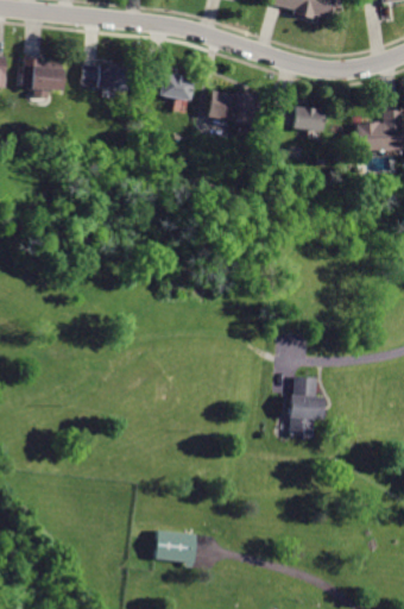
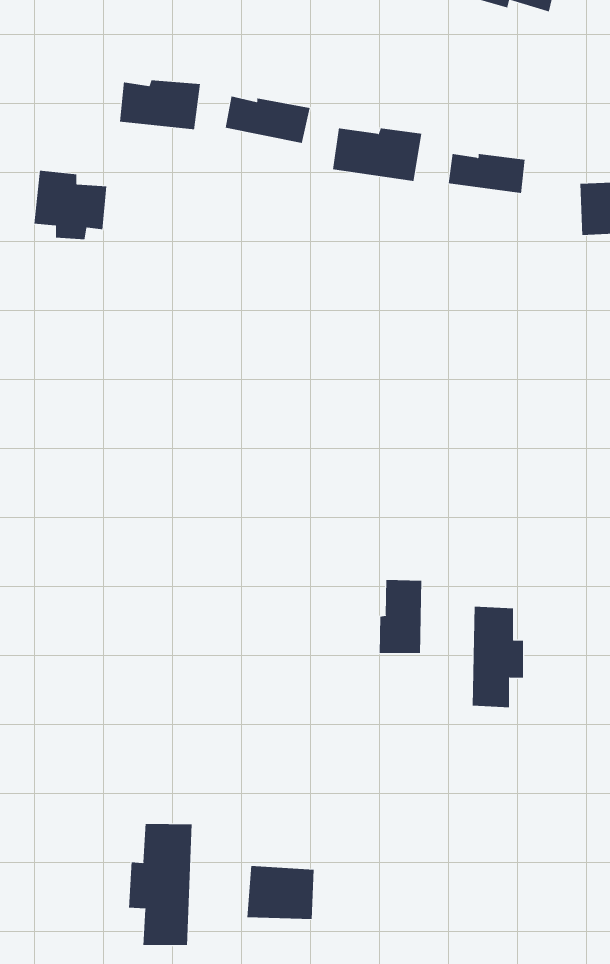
building: [19,56,63,98] -> [33,170,107,240]
building: none -> [379,579,422,654]
building: none -> [128,823,192,946]

